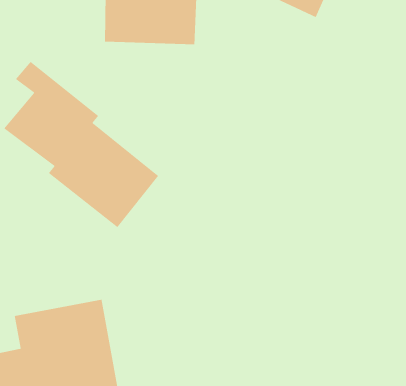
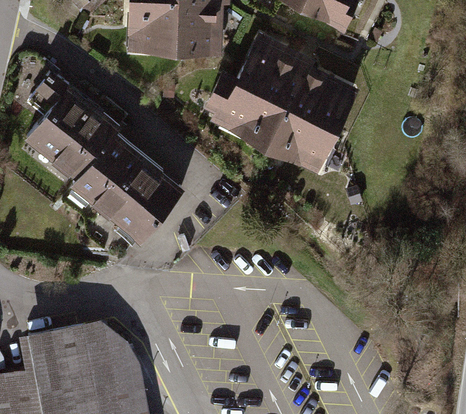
building: none -> [213,34,355,172]

